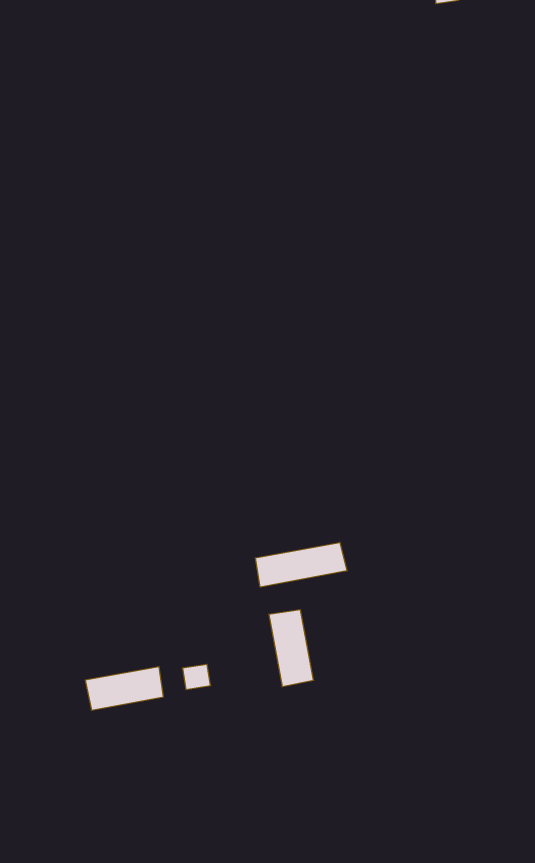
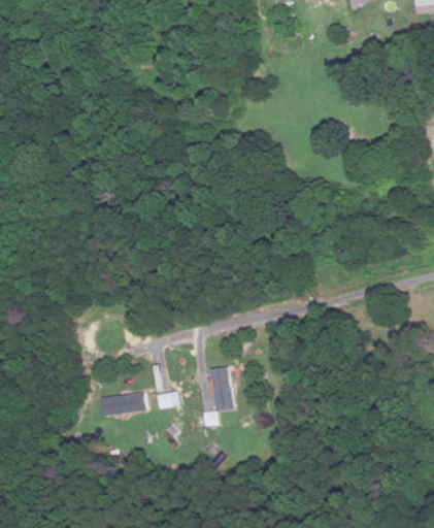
building: [255,542,347,587] -> none

